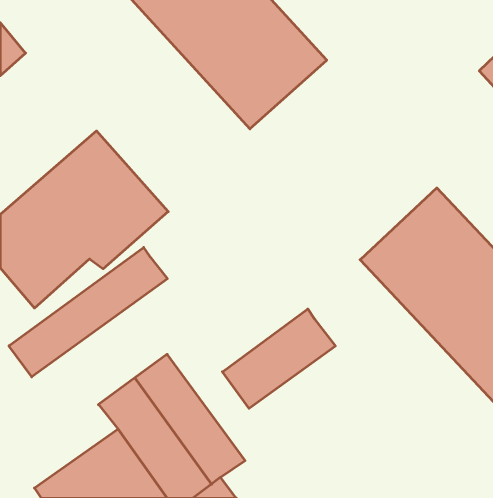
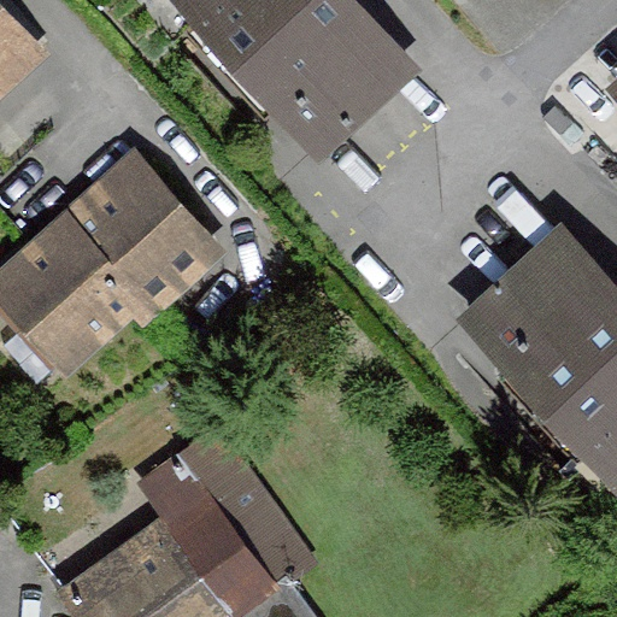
building: [9,247,167,377] -> none
building: [222,309,335,408] -> none

